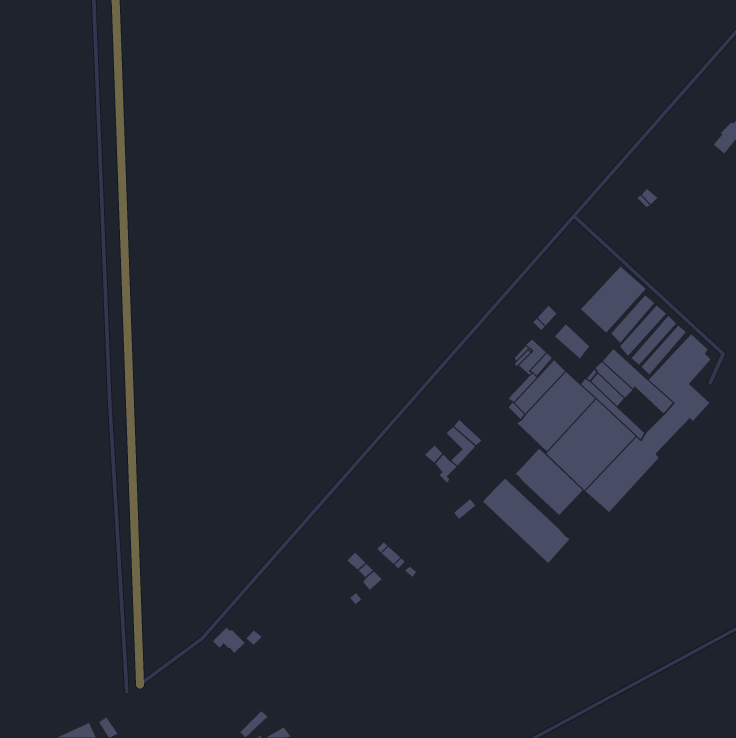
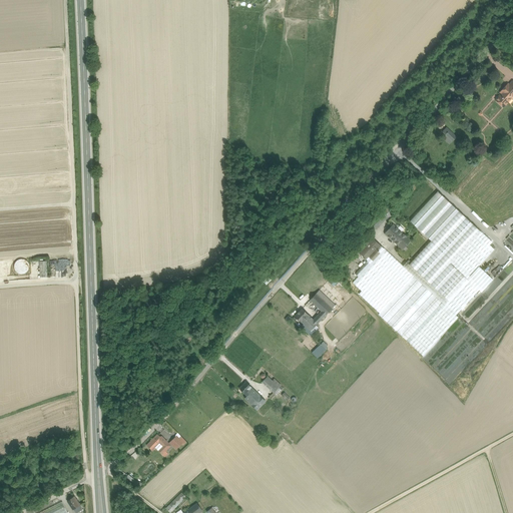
building: none -> [430,269,462,301]
building: [515,448,584,516] -> none
building: [482,478,571,564] -> none

